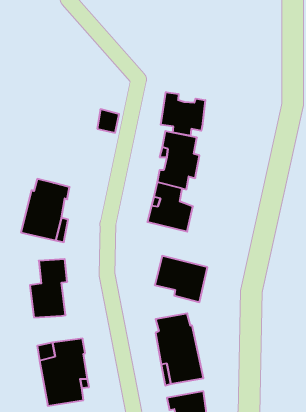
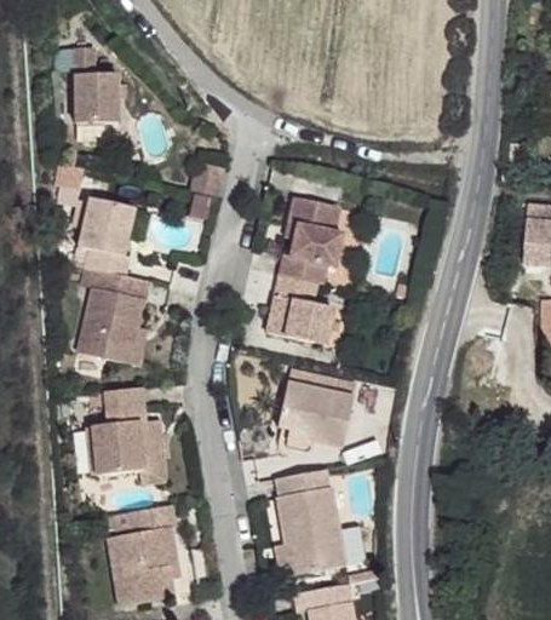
building: none -> [75,48,119,124]
building: [161,92,205,136] -> none
building: none -> [78,196,132,274]
building: none -> [137,421,165,484]

